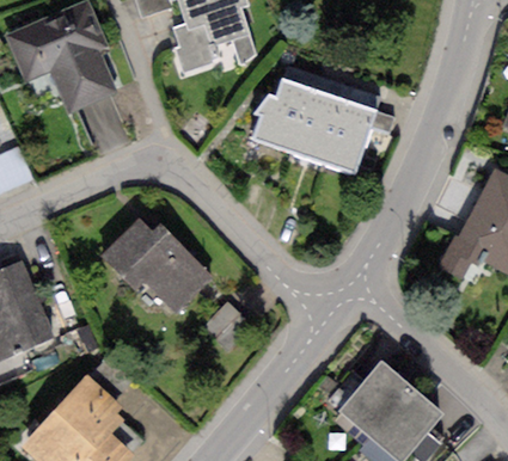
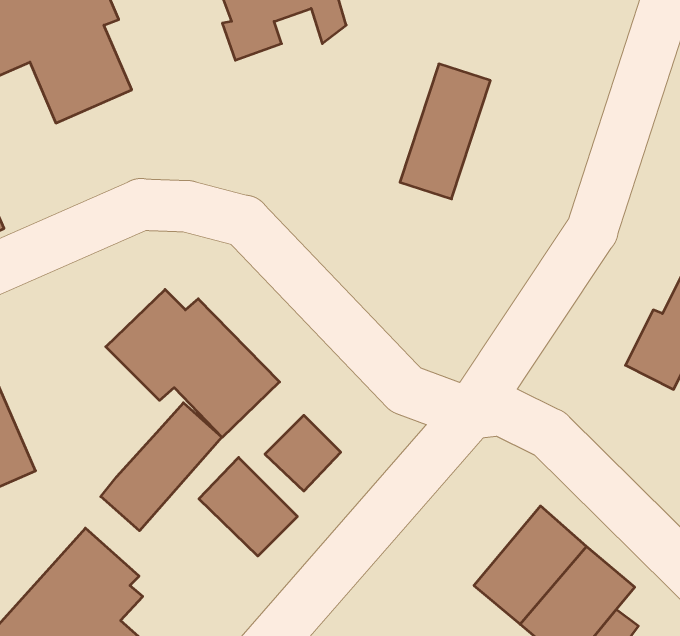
building: [252,64,316,150] -> none
building: [324,85,381,172] -> none
building: none -> [101,403,222,531]
building: none -> [199,457,297,556]

